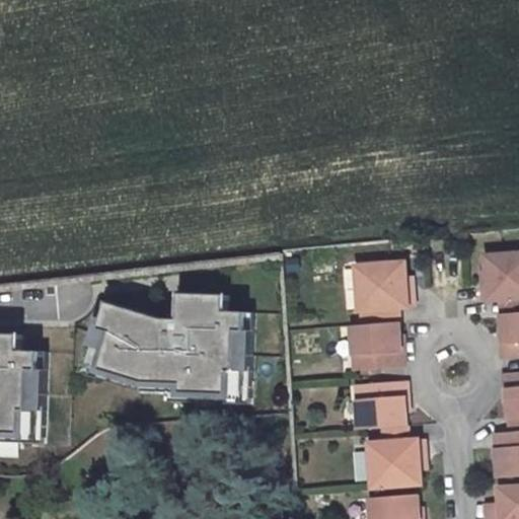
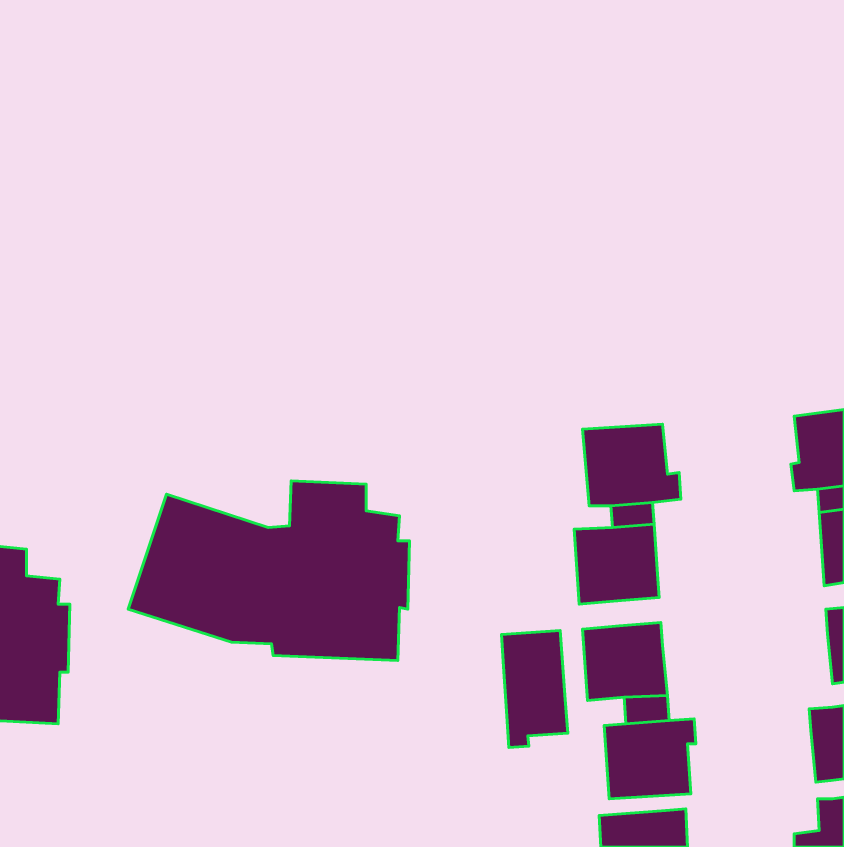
building: none -> [502,630,568,748]

